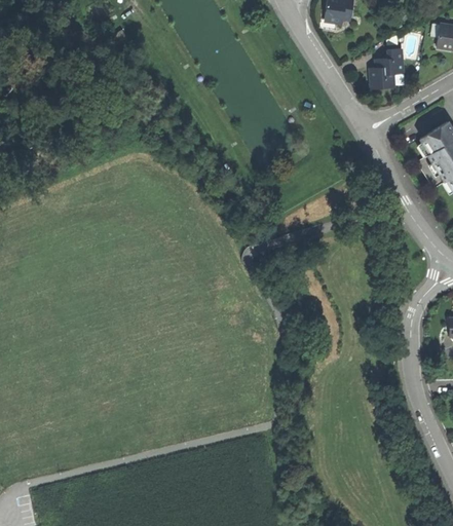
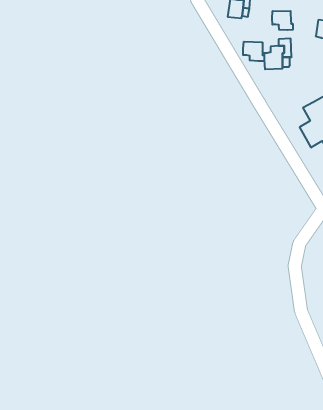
building: none -> [272,11,293,30]
building: none -> [243,42,264,61]

